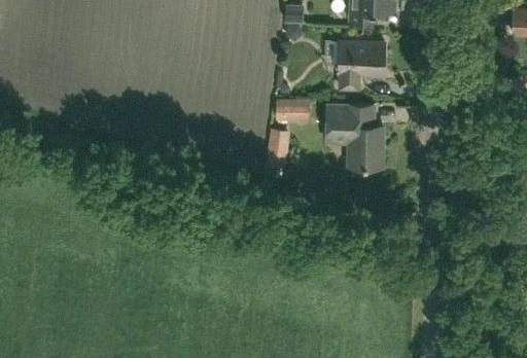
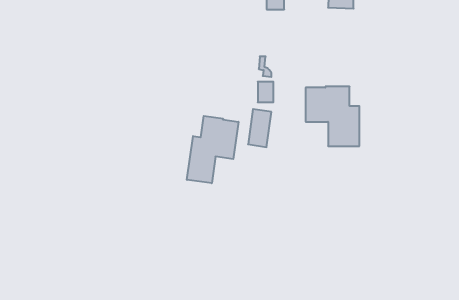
building: [341,42,387,90] -> none
building: none -> [187,116,238,183]

